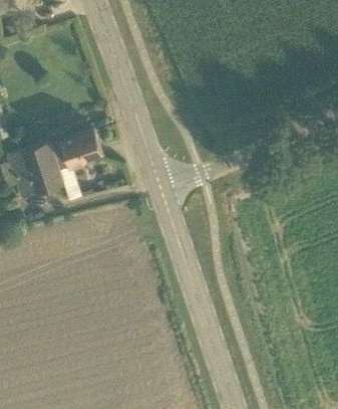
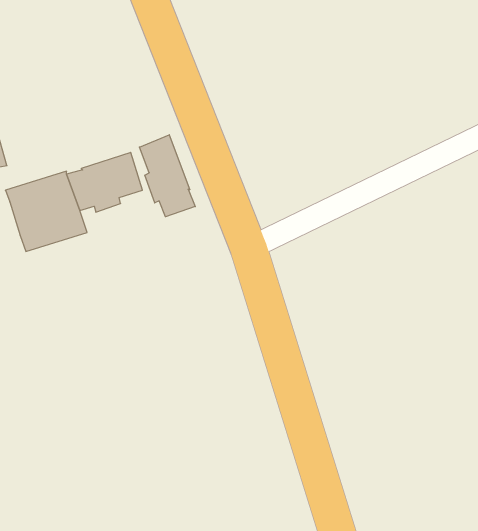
building: none -> [139,135,195,217]

